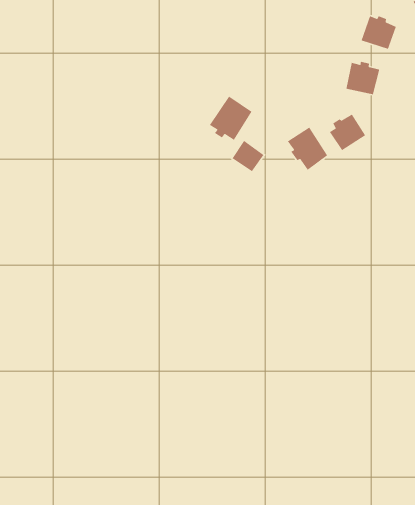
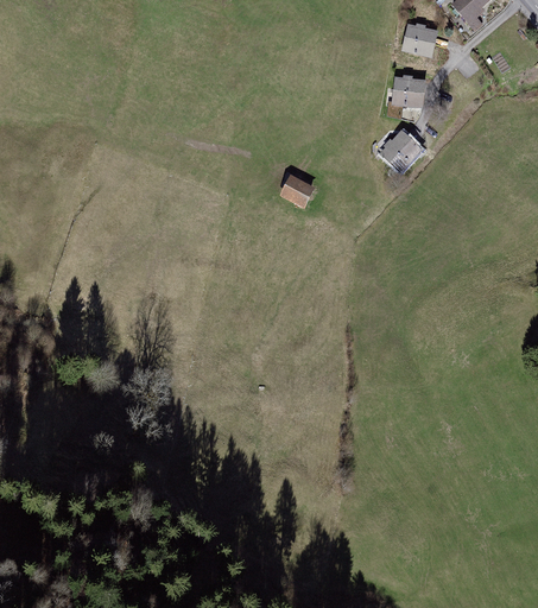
building: [209,96,252,141] -> none
building: [287,127,328,171] -> none

